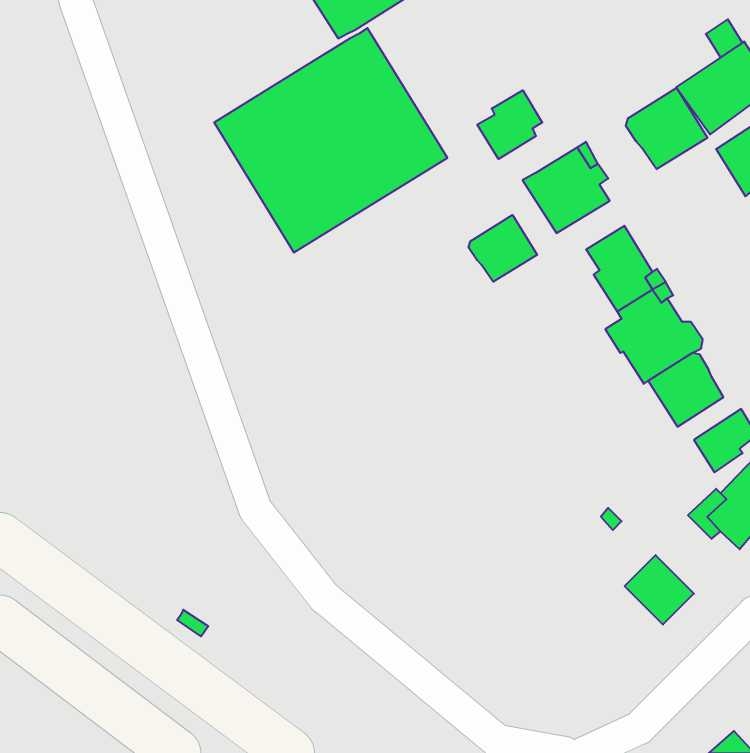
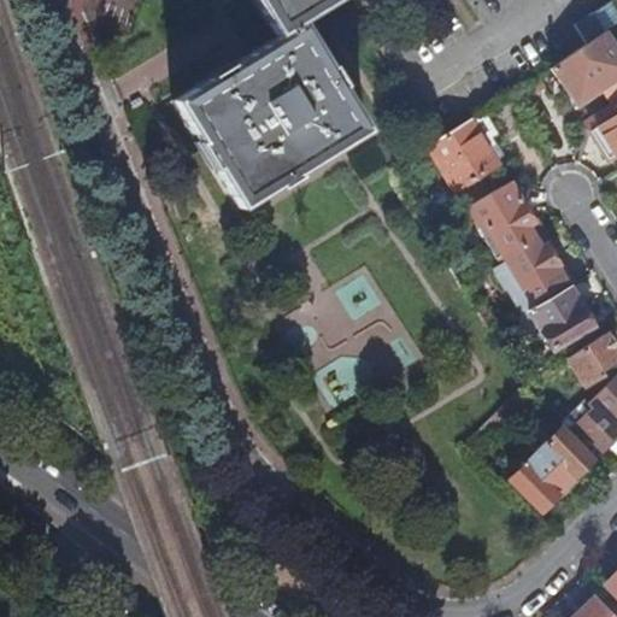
building: [626,88,707,169] -> none
building: [477,90,542,159] -> none
building: [469,215,537,282] -> none
building: none -> [539,427,595,484]

